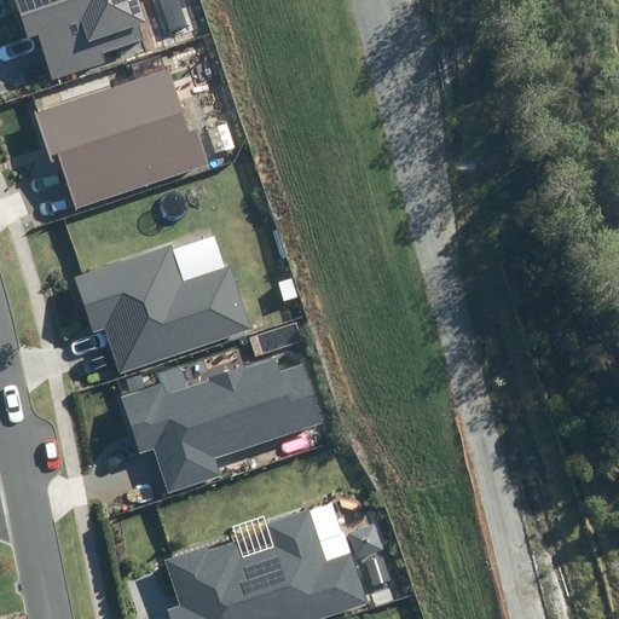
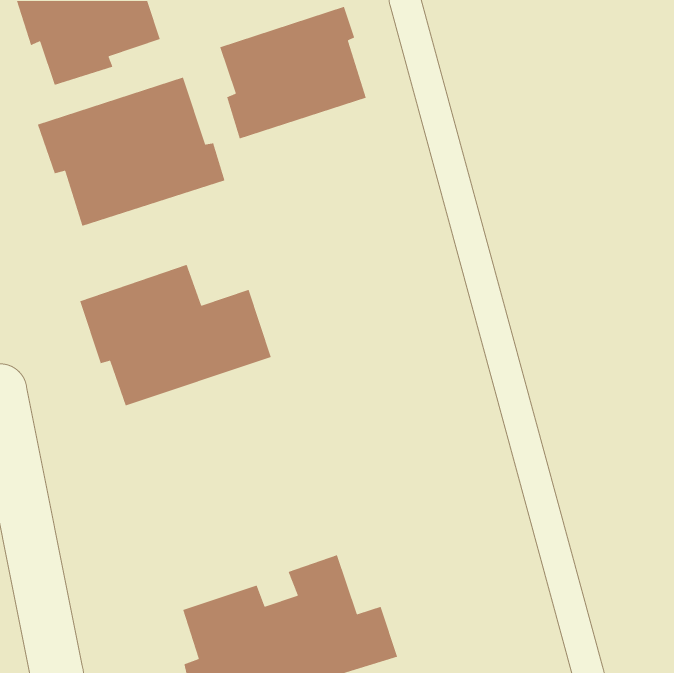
building: none -> [219,6,367,139]
building: [123,354,325,488] -> none

